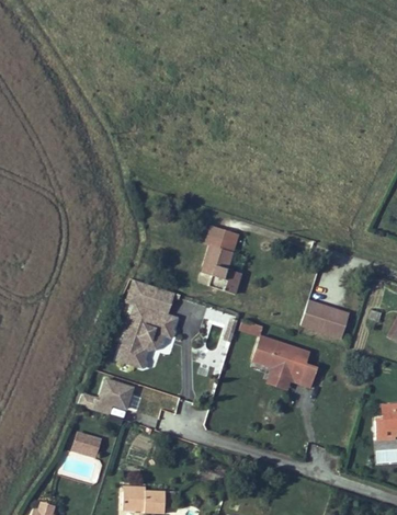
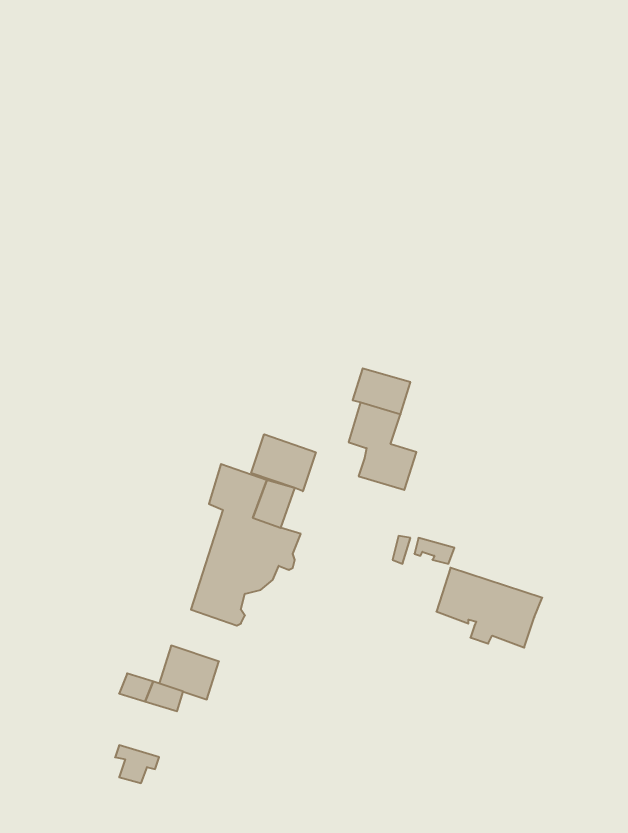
building: none -> [251,434,316,491]
building: [300,300,349,339] -> none
building: [269,364,317,389] -> none

